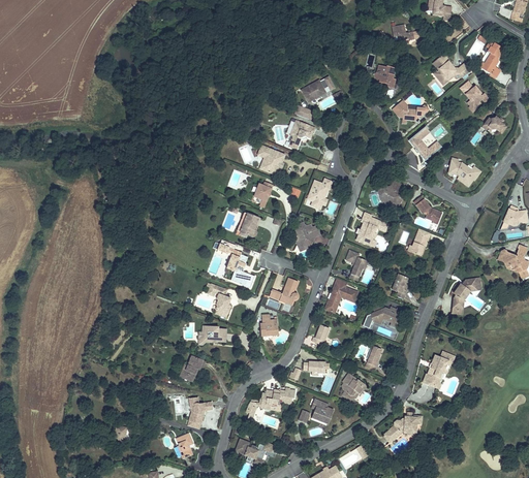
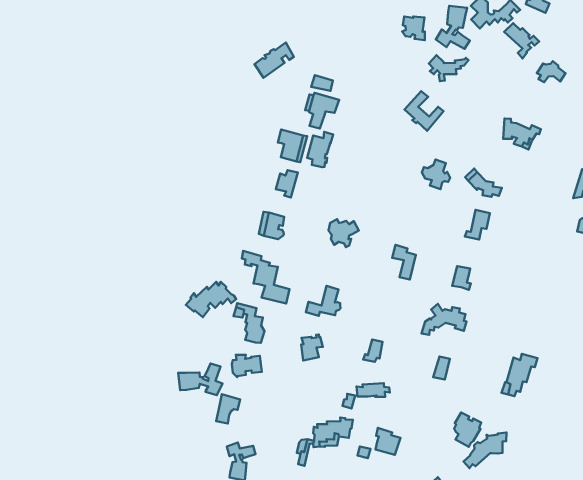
building: none -> [436,6,470,49]
building: [303,74,336,101] -> [254,43,294,78]
building: [409,127,441,160] -> [405,91,444,131]
building: [307,180,331,209] -> [307,132,333,167]
building: [357,213,383,246] -> none
building: none -> [186,282,236,317]
building: [452,278,481,315] -> none
building: [324,279,357,312] -> none
building: none -> [178,363,223,395]
building: [341,374,364,403] -> [454,413,481,447]

